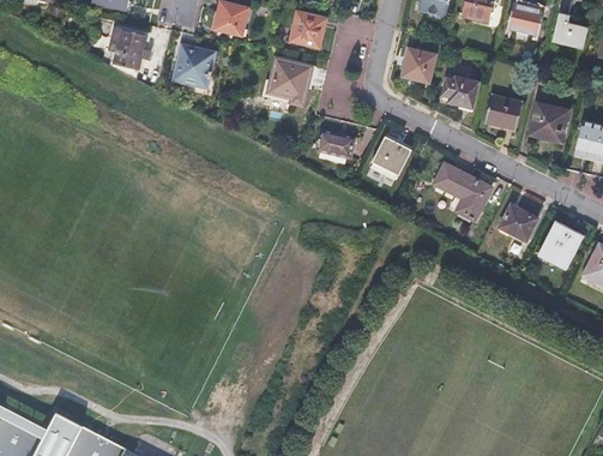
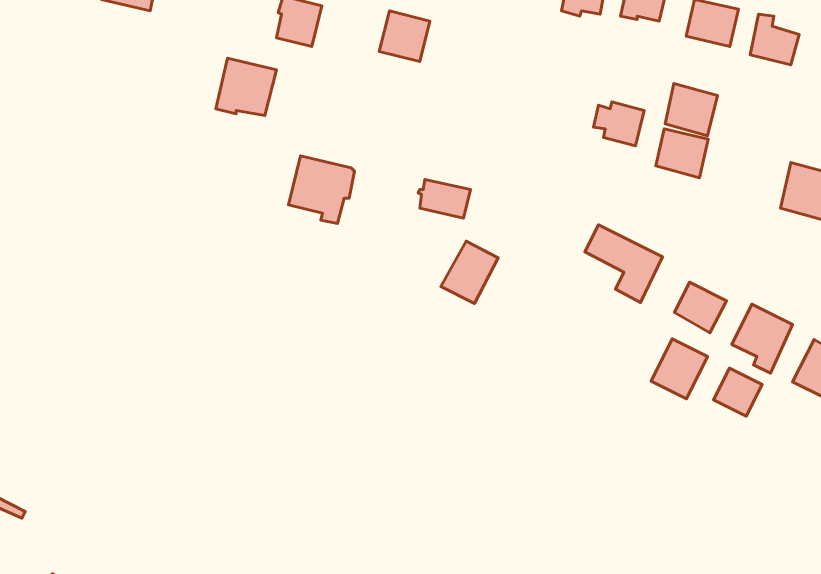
building: [111,30,151,68] -> none
building: [400,48,434,82] -> none
building: [266,56,313,104] -> [289,156,354,223]
building: [530,103,567,140] -> [665,84,718,136]
building: [370,134,411,179] -> [441,241,498,303]
building: none -> [651,339,708,399]
building: none -> [714,368,762,416]

